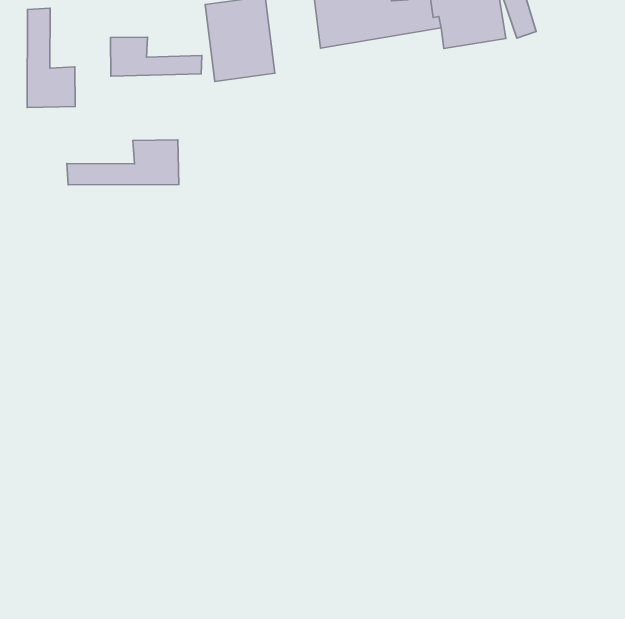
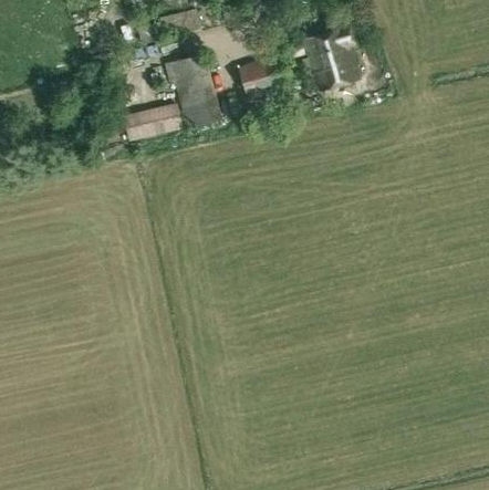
building: [27,8,75,108] -> none
building: [67,140,179,185] -> none

